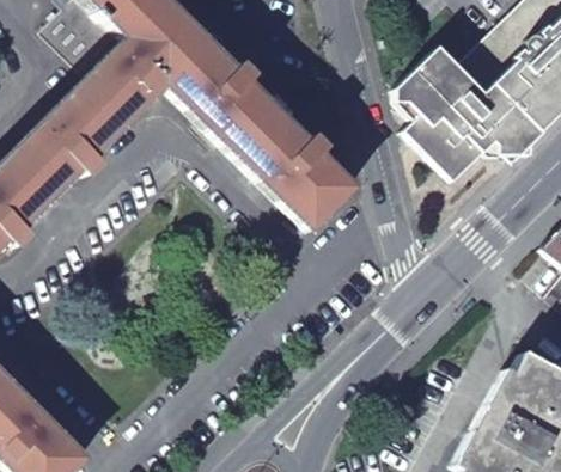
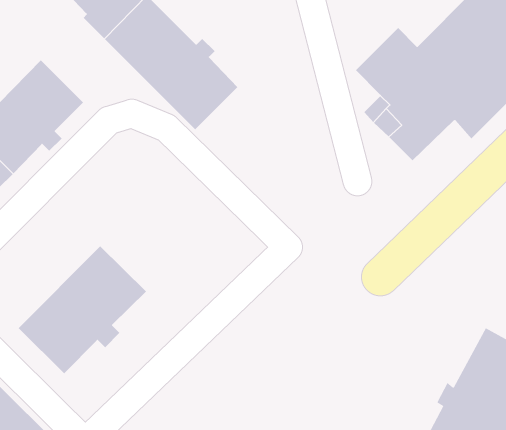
building: [81,39,166,124] -> none
building: [236,109,356,228] -> none
building: none -> [18,245,147,374]

